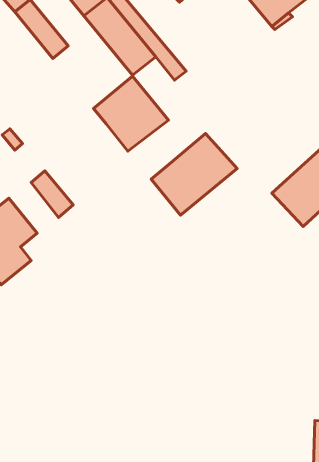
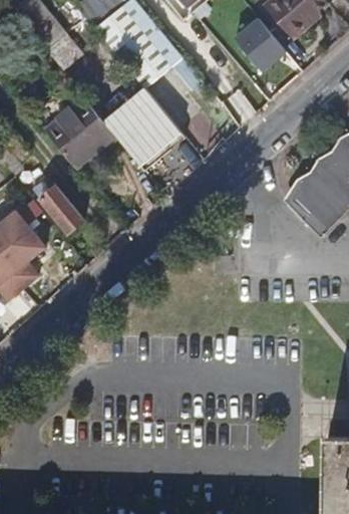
building: none -> [232,12,288,69]
building: none -> [43,94,116,168]
building: [151,134,237,215] -> none

